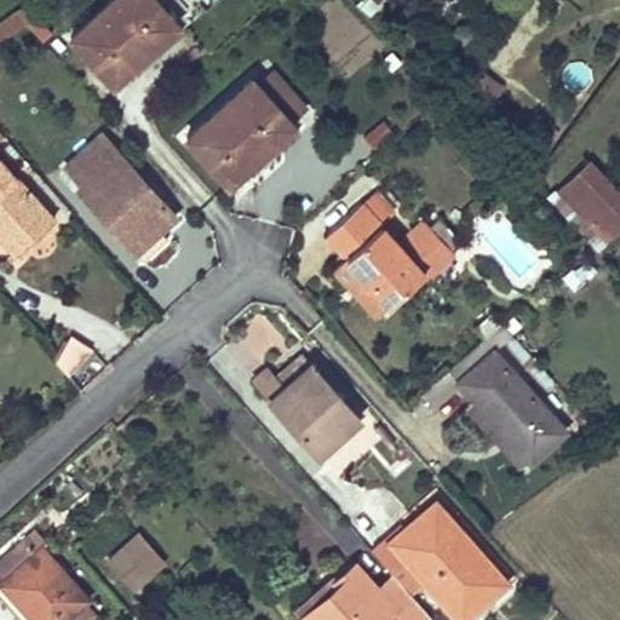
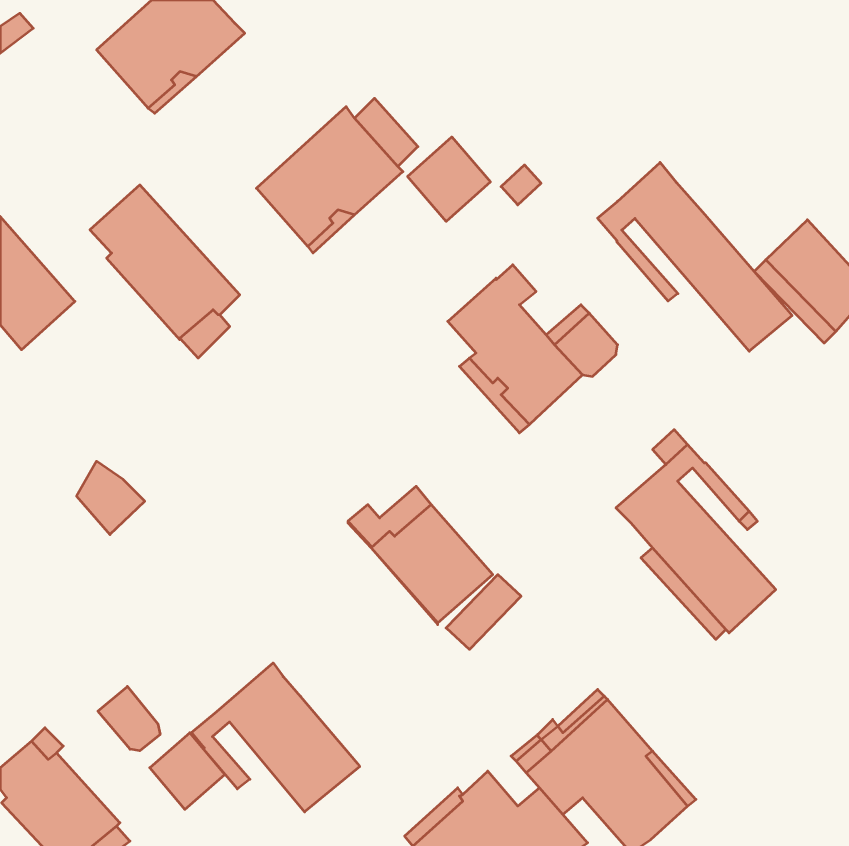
building: none -> [408,137,490,221]
building: none -> [598,162,792,351]
building: none -> [191,663,360,812]
building: none -> [98,686,160,751]

